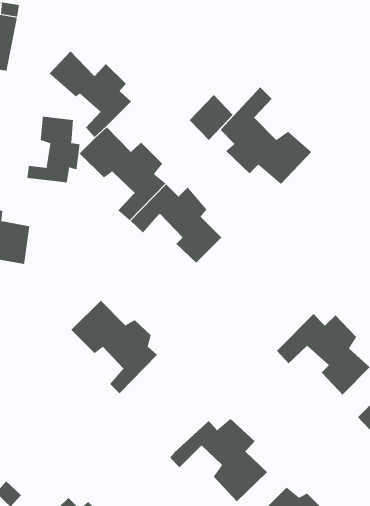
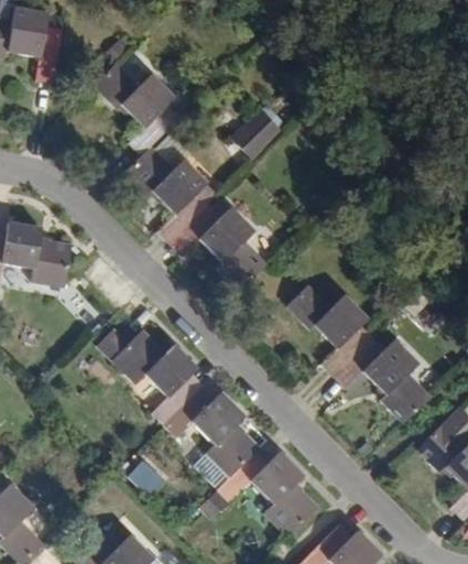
building: [220,87,312,185] -> none
building: [27,116,80,183] -> none
building: none -> [285,290,369,378]
building: none -> [163,382,262,486]

